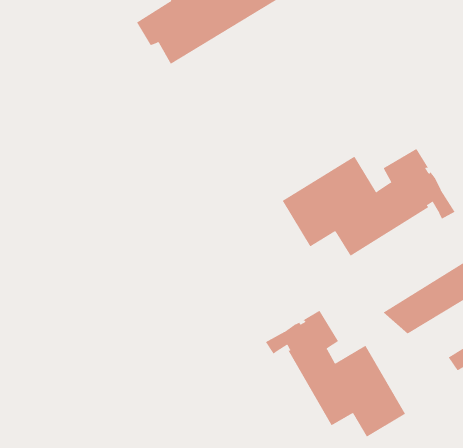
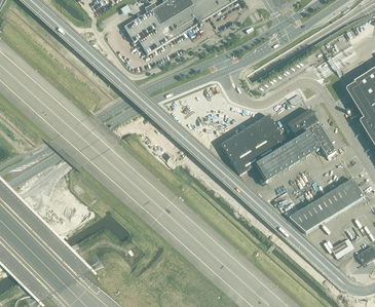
building: [265,310,406,438] -> none

